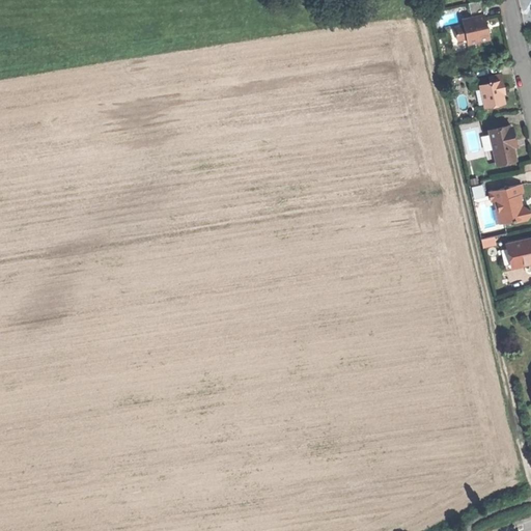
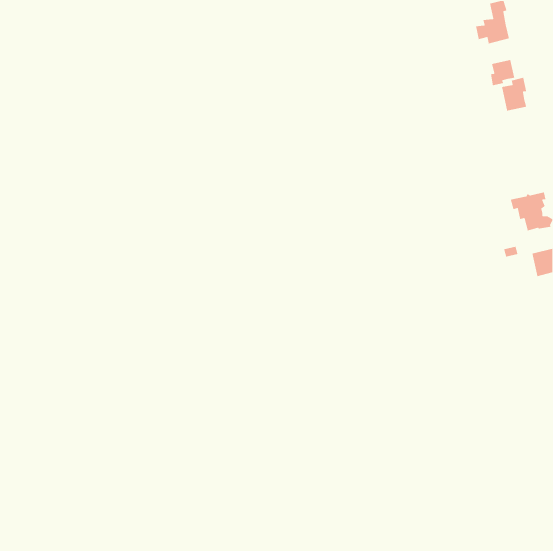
building: none -> [490,59,515,86]
building: [490,127,515,163] -> none

